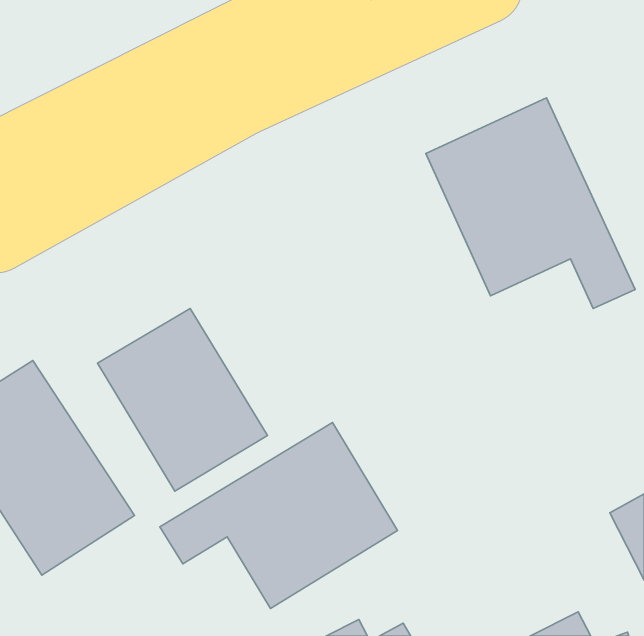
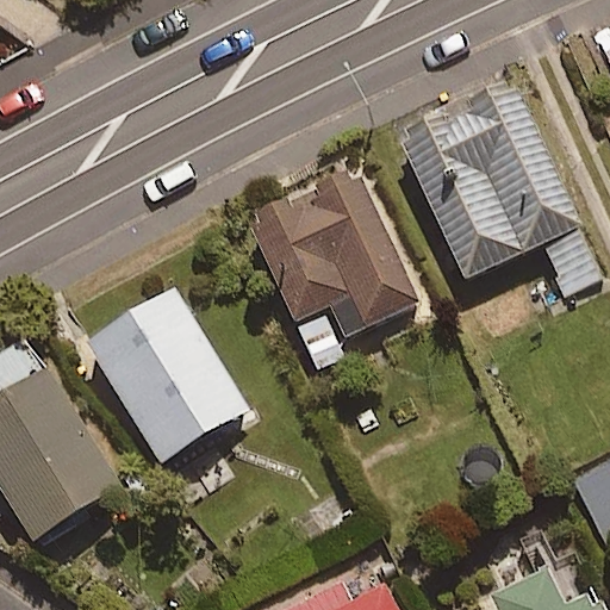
building: none -> [243,175,416,355]
building: [160,423,398,608] -> none

